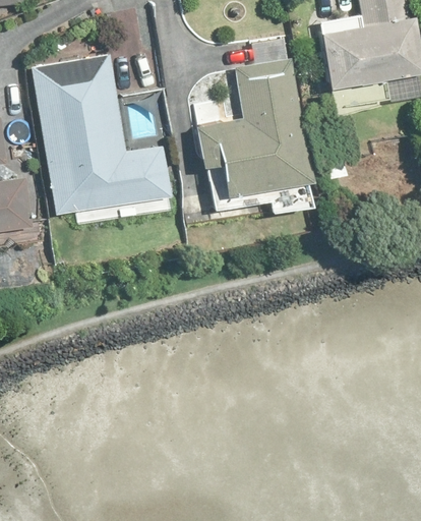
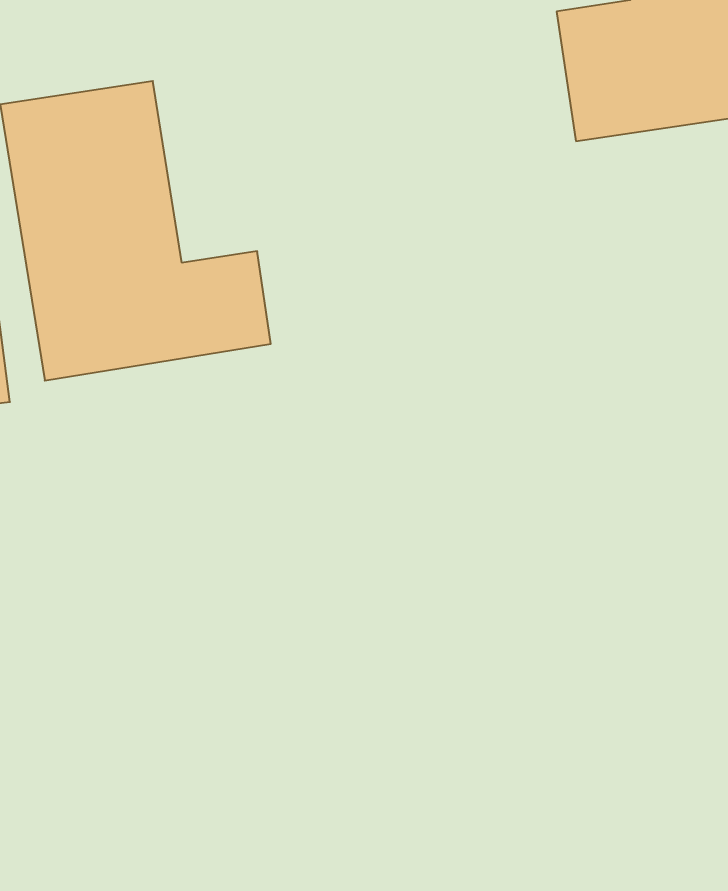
building: [191,39,309,204] -> none

